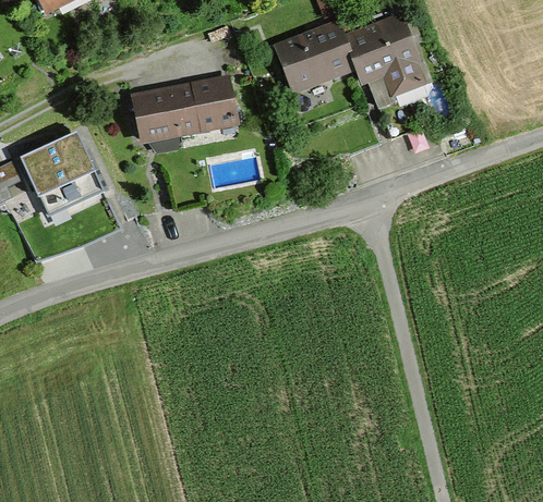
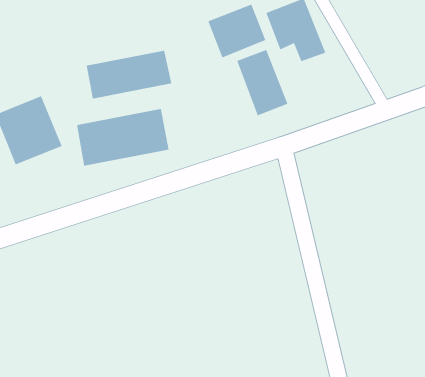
building: none -> [236,49,288,116]
building: none -> [76,108,169,167]

